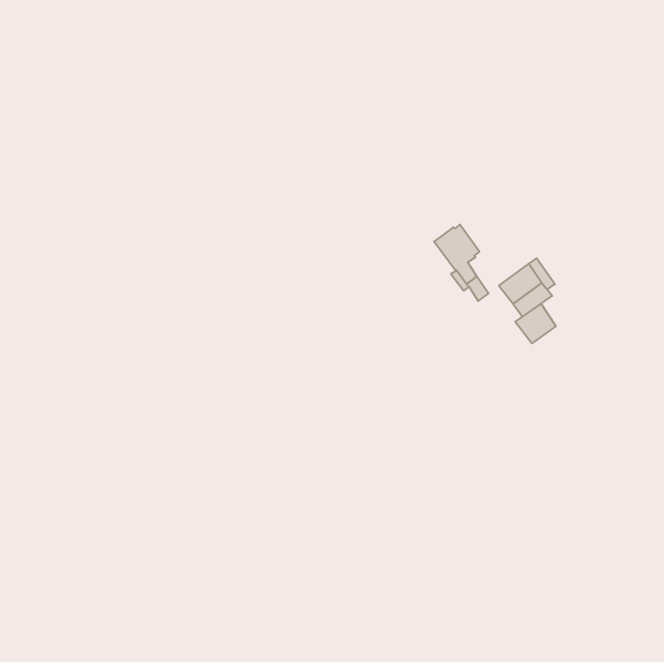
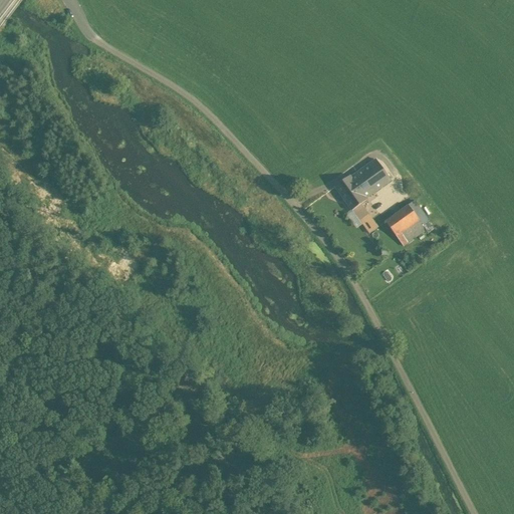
building: none -> [355,159,392,195]
building: [515,304,556,343] -> none

